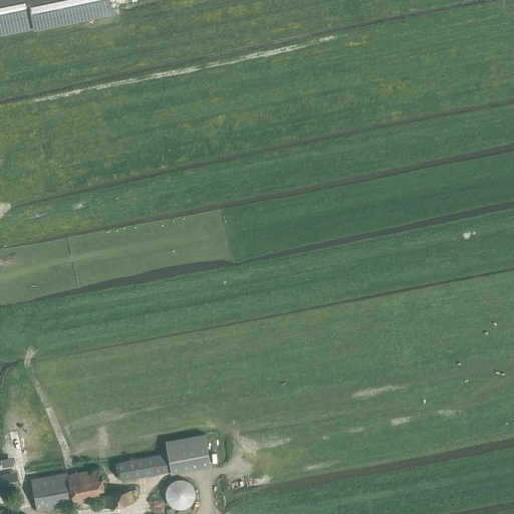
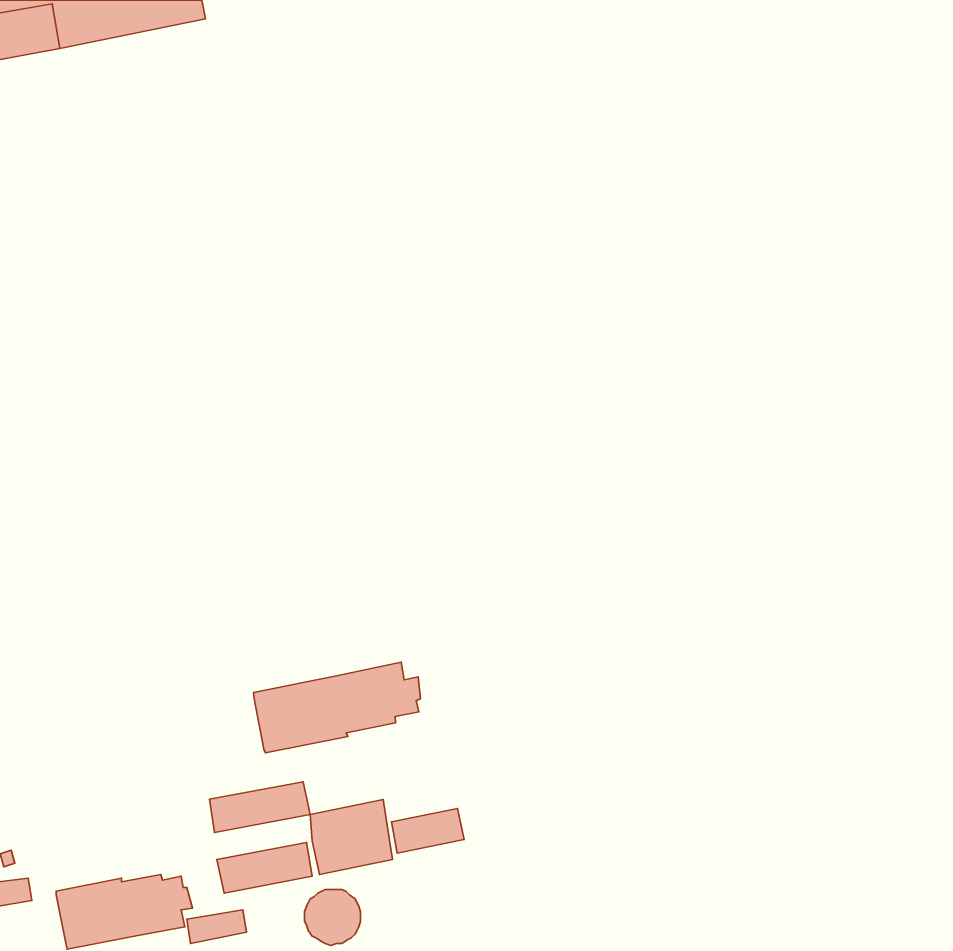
building: none -> [253,662,421,753]
building: none -> [209,782,310,833]
building: none -> [391,809,464,853]

